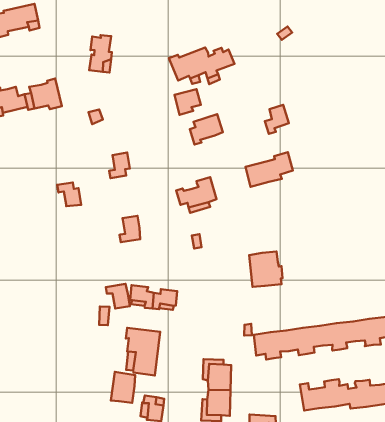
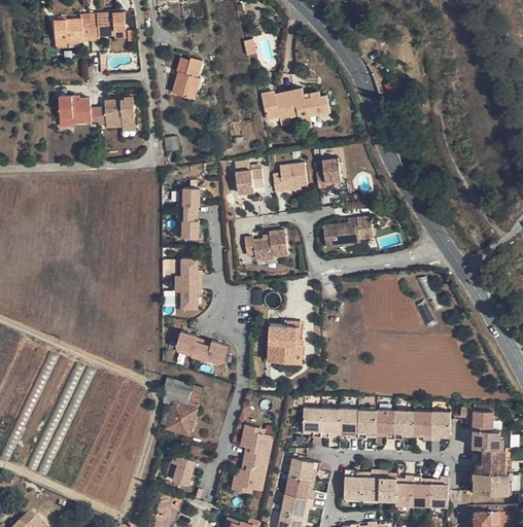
building: [174,89,201,115] -> [235,170,262,195]
building: [265,105,289,134] -> [314,160,340,188]
building: [57,182,81,206] -> [175,214,198,240]
building: [249,252,283,287] -> [267,326,302,363]
building: [106,284,130,308] -> [175,285,198,310]
building: [111,372,135,403] -> none
building: none -> [284,458,319,500]

